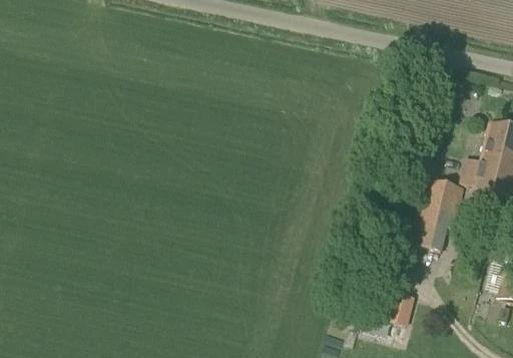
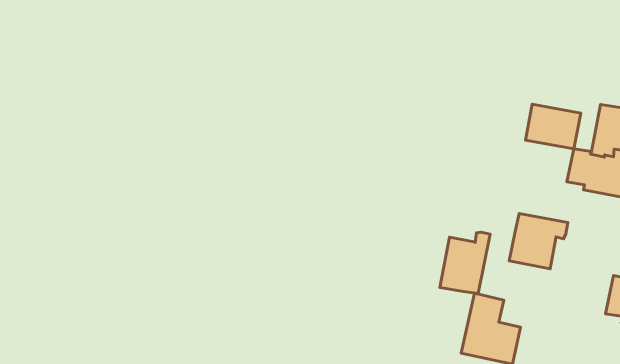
building: [423,177,468,215] -> [525,104,581,149]
building: none -> [440,232,490,294]

